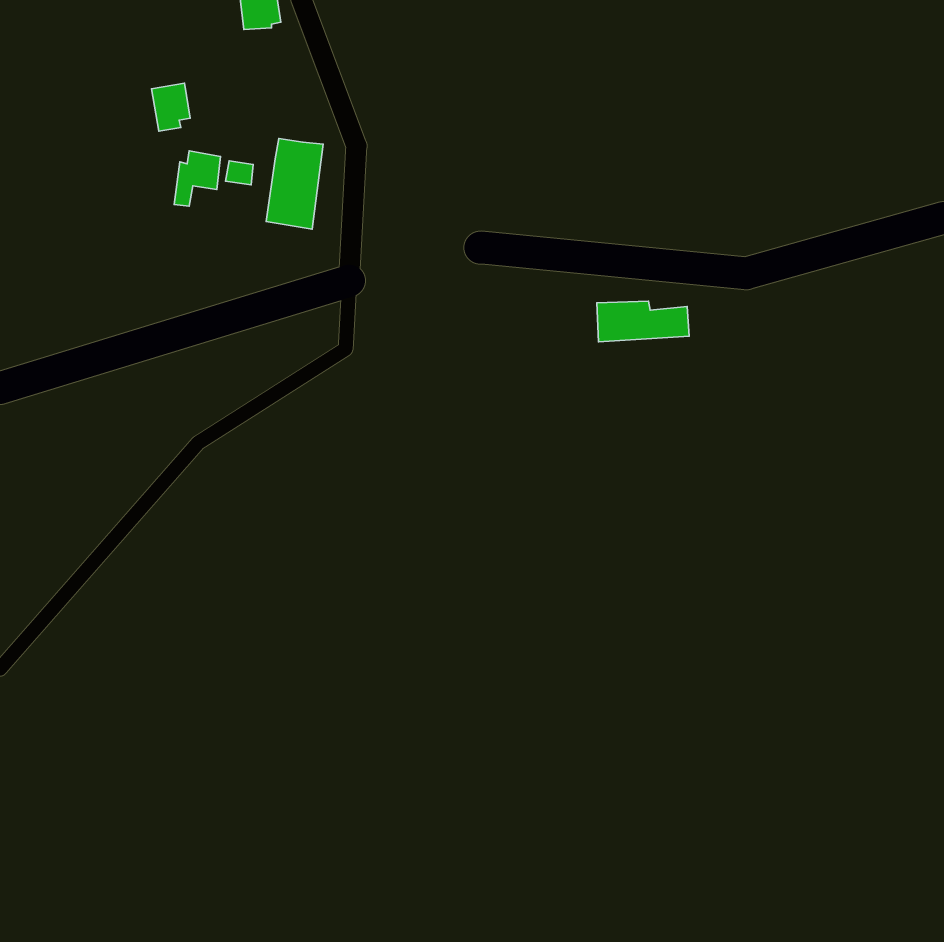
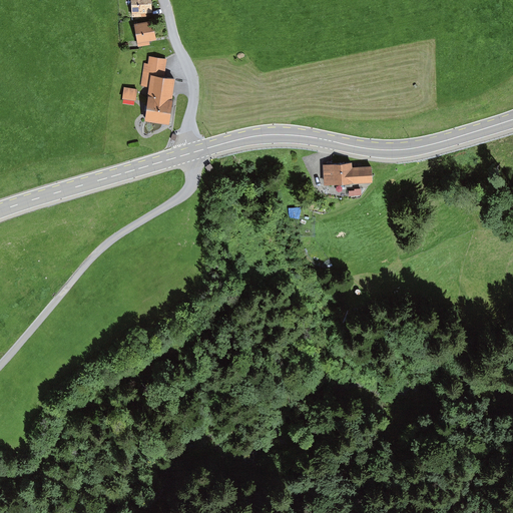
building: [151,83,190,131] -> [134,20,155,46]
building: [174,151,221,206] -> [141,56,166,86]

